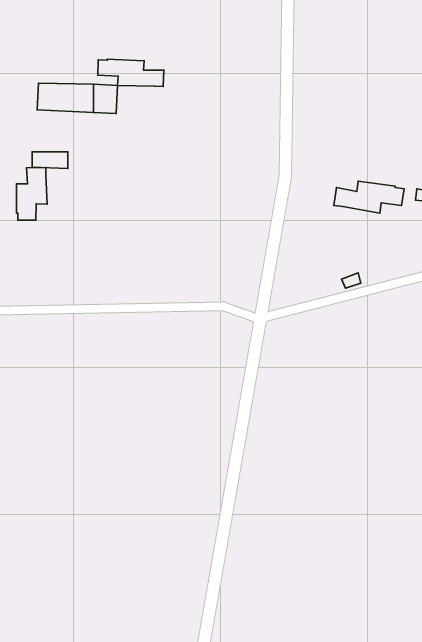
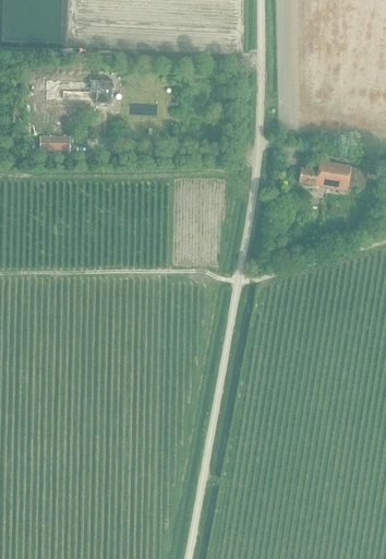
building: [98,59,164,86] -> none
building: [16,168,47,220] -> none

